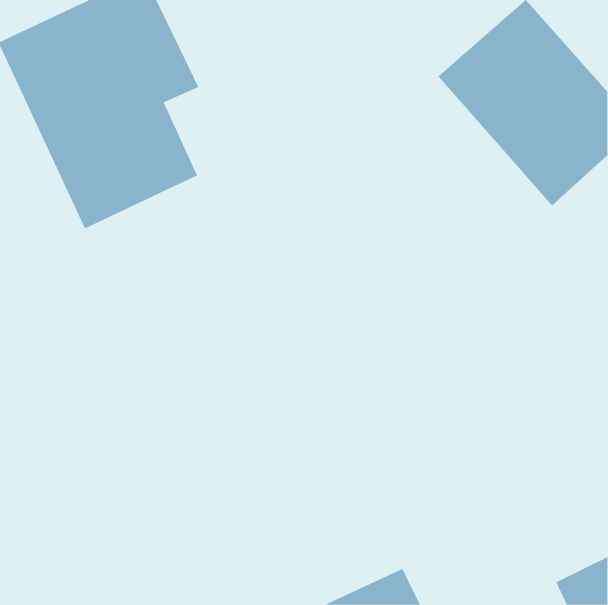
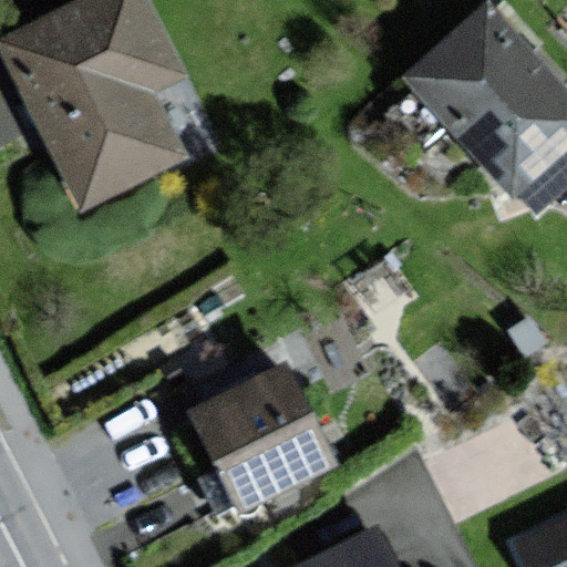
building: none -> [188,367,333,525]

